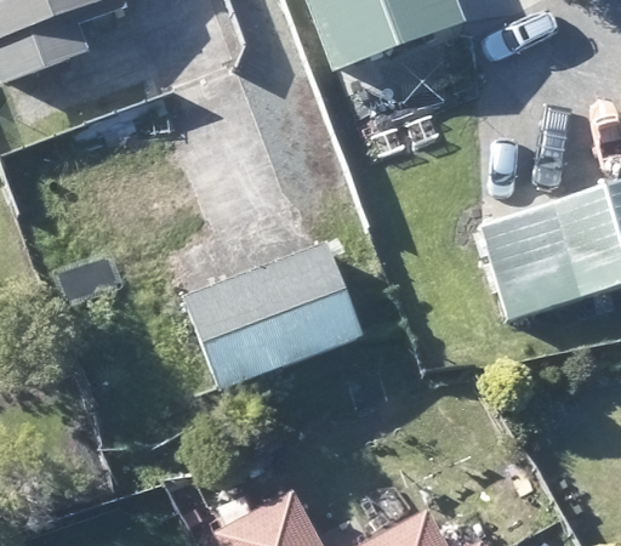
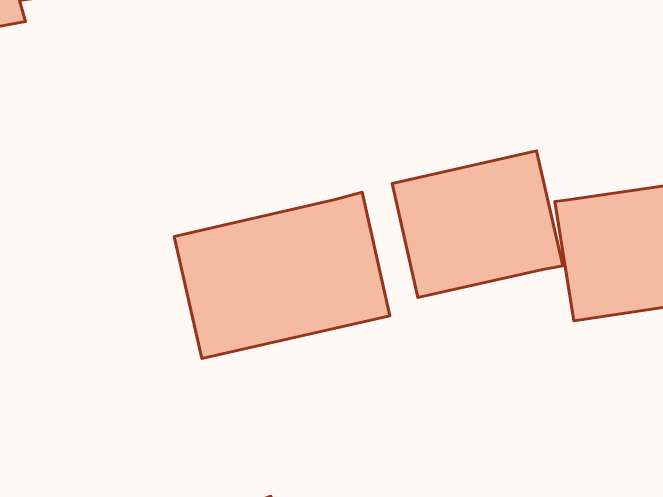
building: none -> [392,151,563,297]

